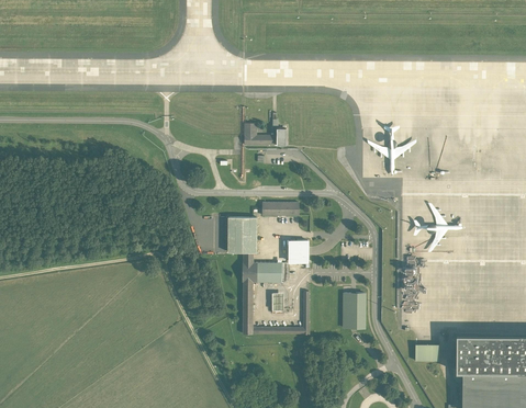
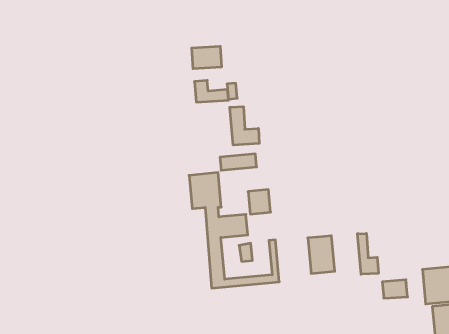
building: none -> [192,46,221,69]
building: none -> [230,107,259,145]
building: none -> [357,233,378,274]

